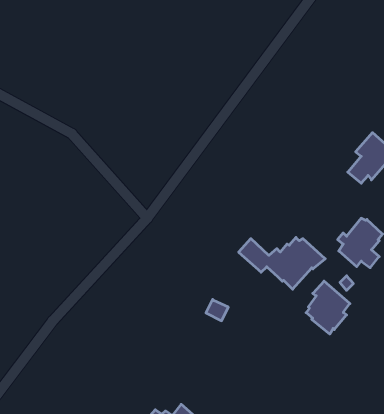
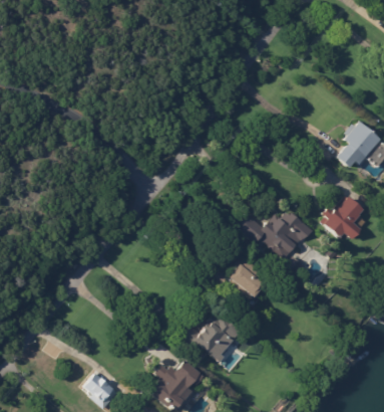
building: [306,281,350,334] -> [231,255,270,302]
building: none -> [177,313,239,361]

